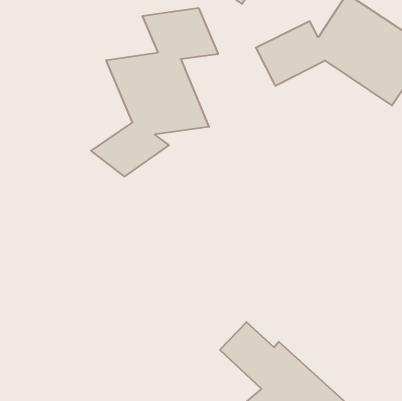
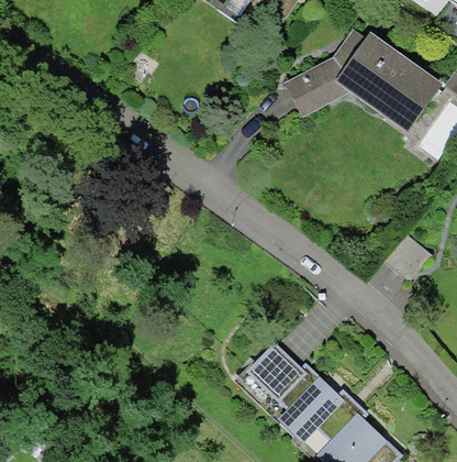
building: [91,8,218,177] -> none

